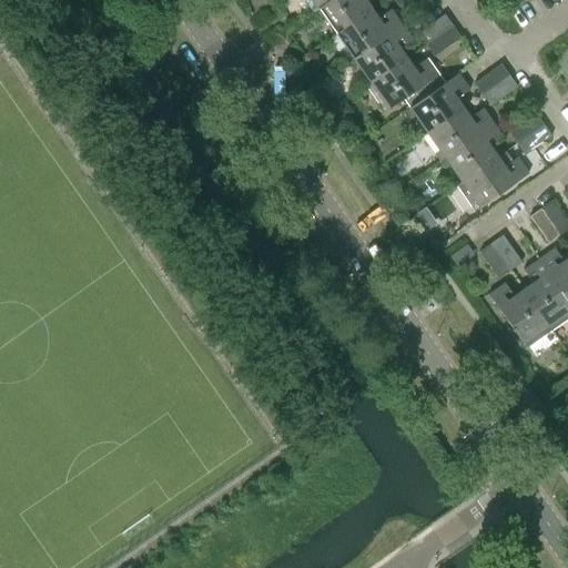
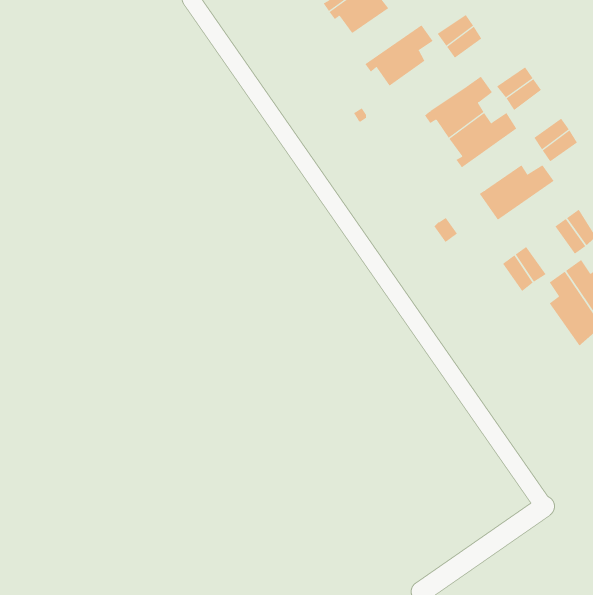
building: [337,8,404,61] -> none
building: [367,57,446,111] -> none
building: [442,122,506,181] -> none
building: [489,282,554,347] -> none

